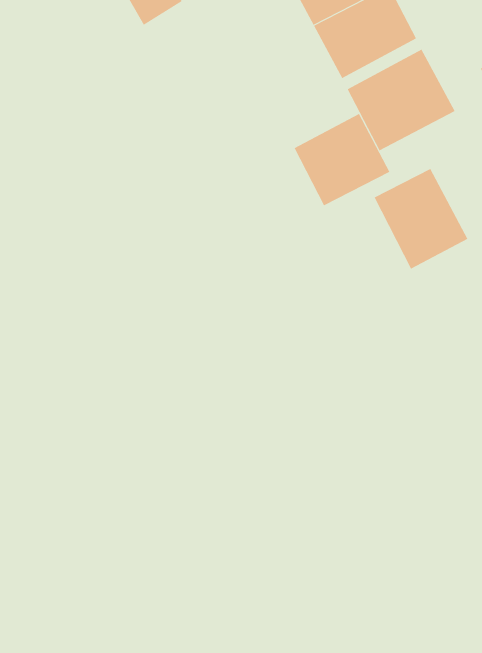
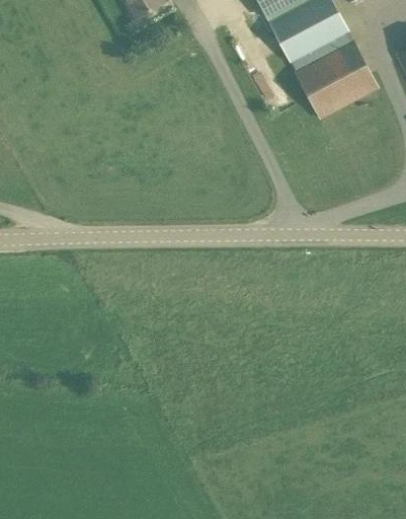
building: [294,113,390,206] -> none
building: [374,168,468,269] -> none

